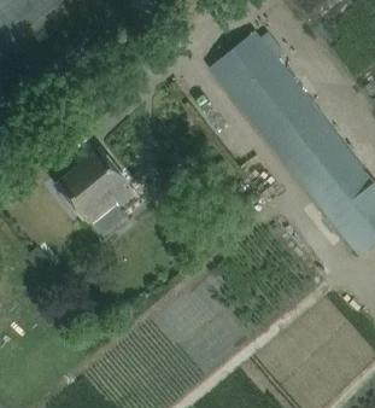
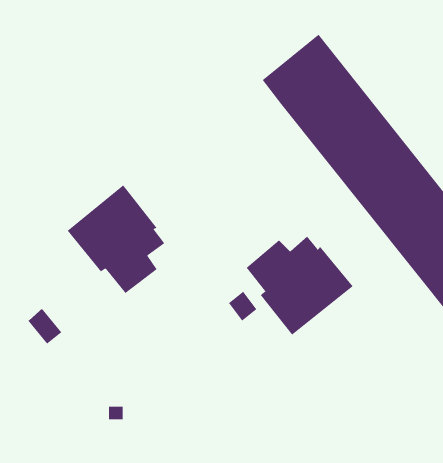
building: none -> [246,236,353,335]

